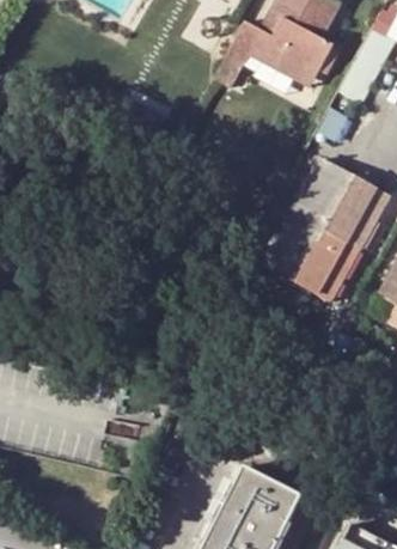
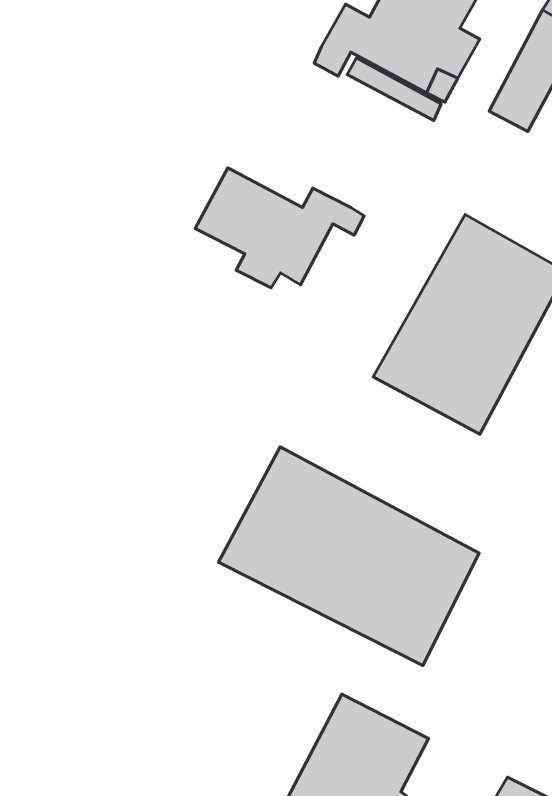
building: none -> [195,168,364,288]
building: none -> [219,447,479,665]

